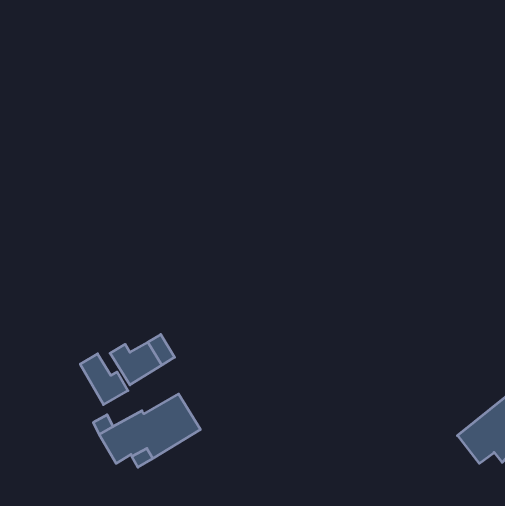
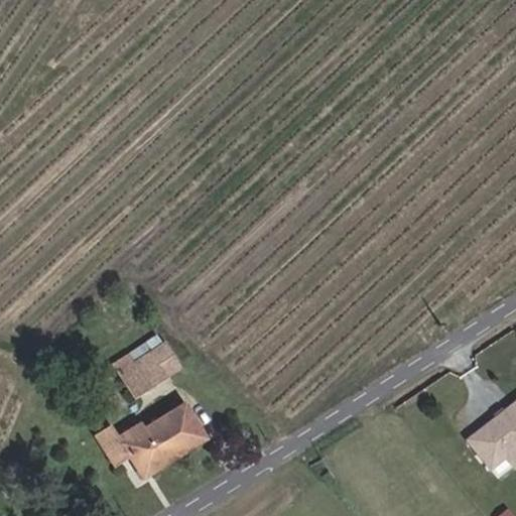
building: [80,354,128,405] -> none

